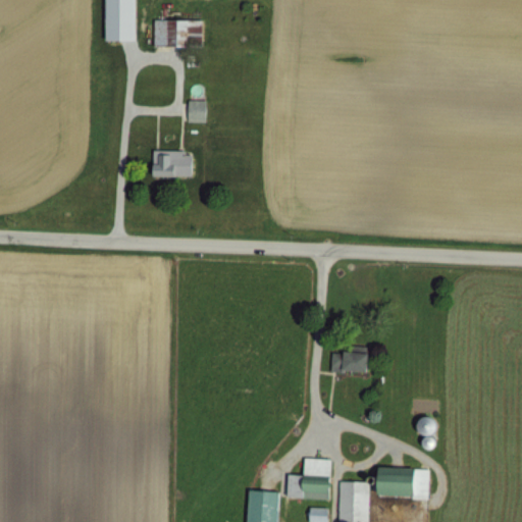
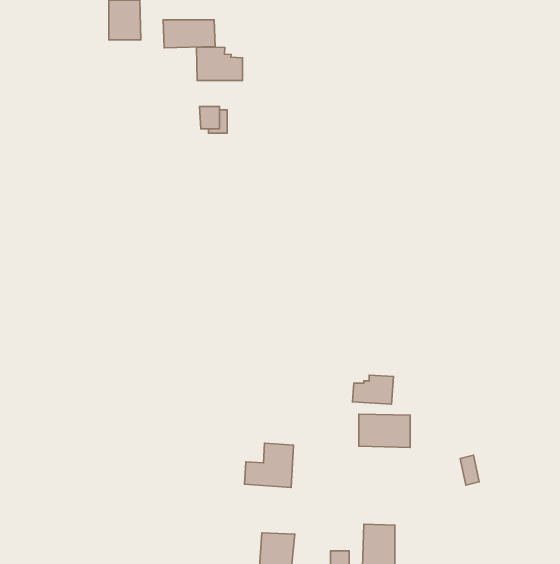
building: none -> [196,47,243,80]
building: [154,152,193,176] -> none
building: [285,459,330,500] -> [245,443,293,487]
building: [378,467,425,498] -> [359,414,410,447]

